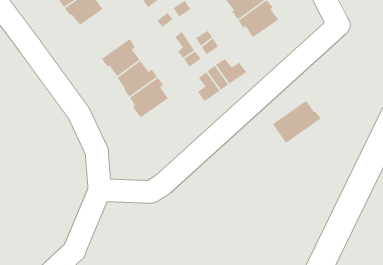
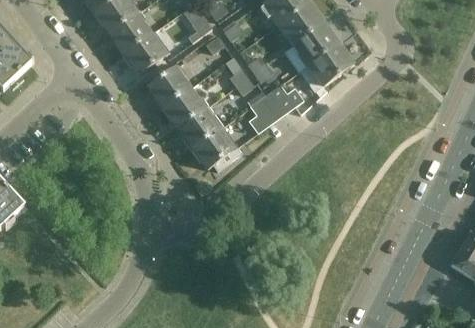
building: none -> [124,32,170,72]
building: none -> [190,127,242,170]
building: [272,99,322,144] -> [301,42,354,90]

